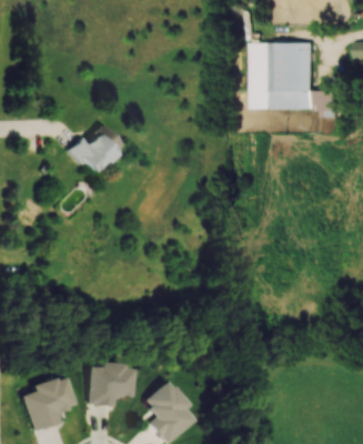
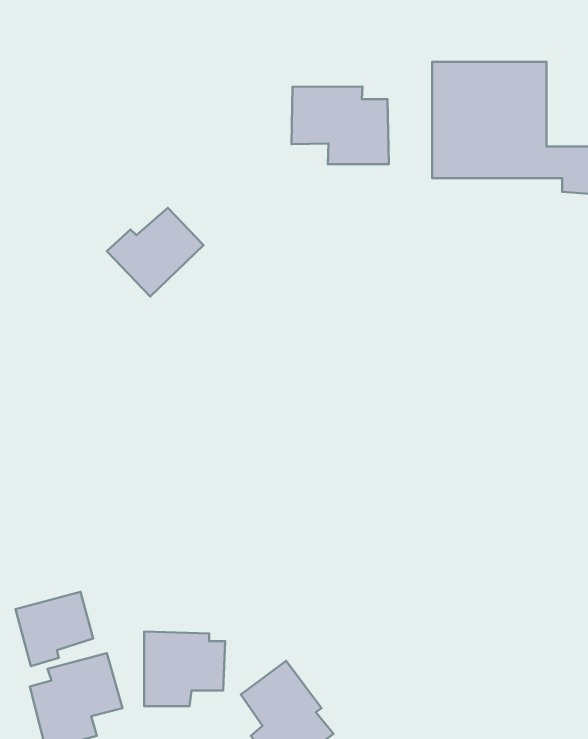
building: none -> [291,87,389,164]
building: none -> [15,592,93,666]

